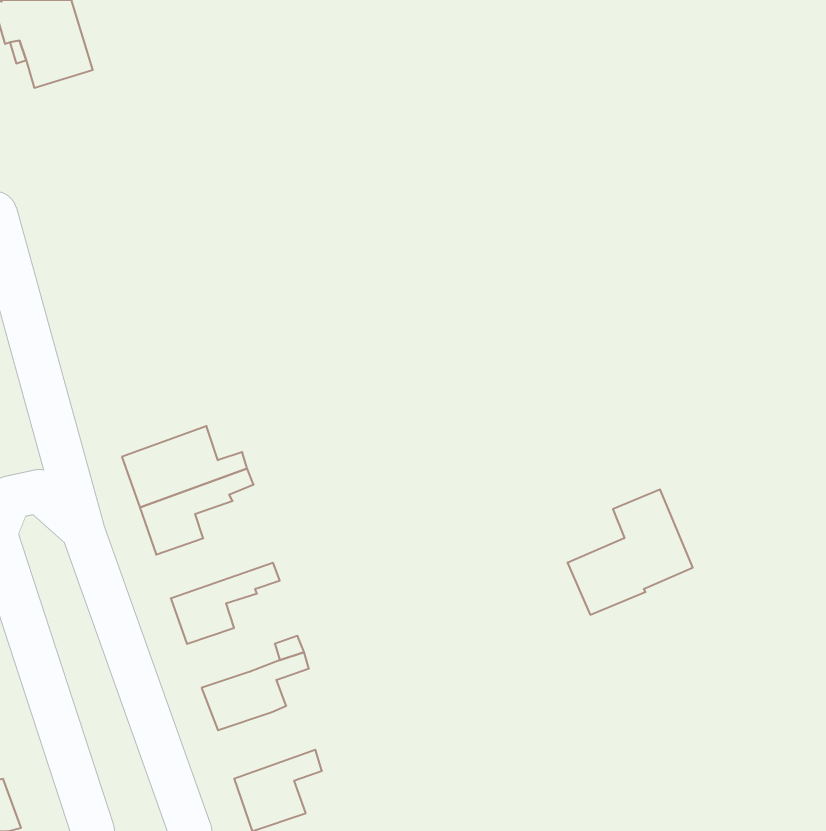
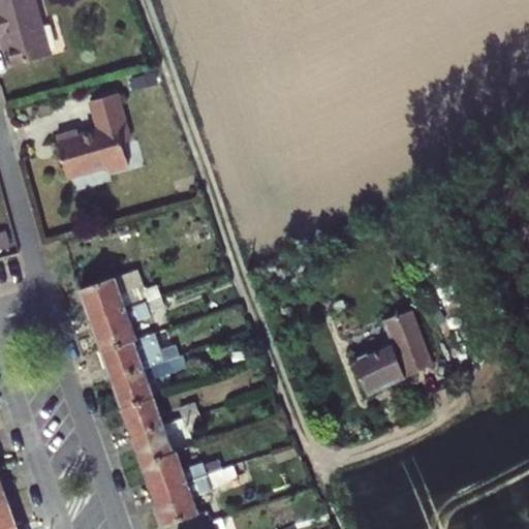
building: none -> [64,85,137,168]
building: none -> [99,336,174,380]
building: none -> [119,399,159,437]
building: none -> [138,453,217,495]

